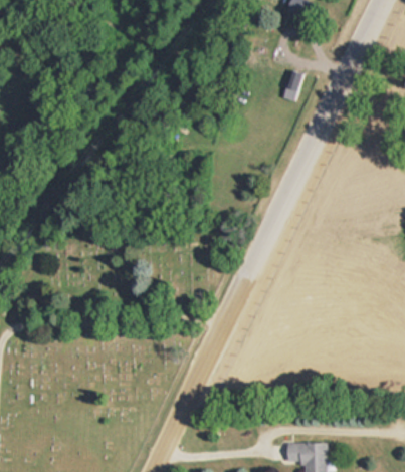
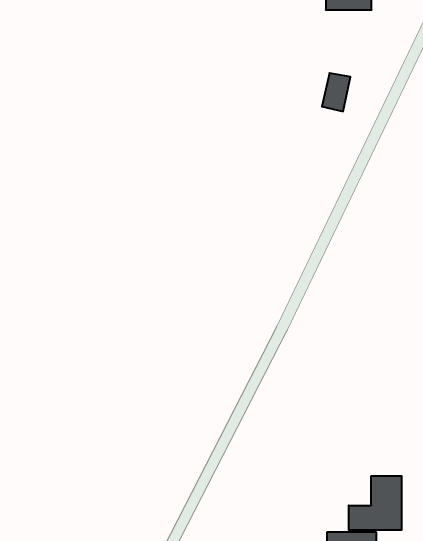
building: none -> [349,476,402,530]

